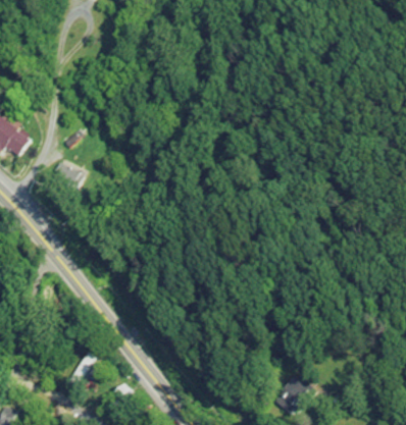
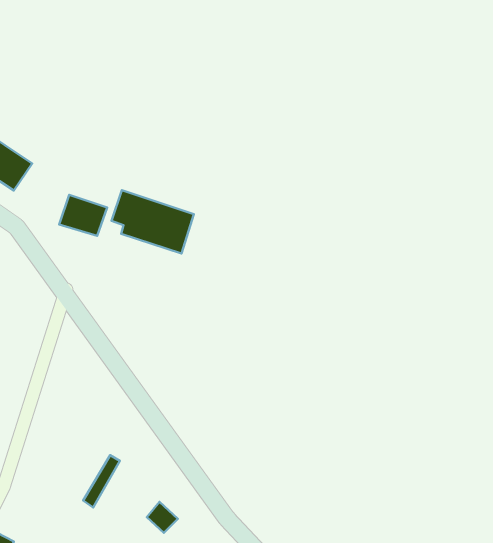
building: none -> [112,190,194,254]
building: [280,379,308,408] -> none

